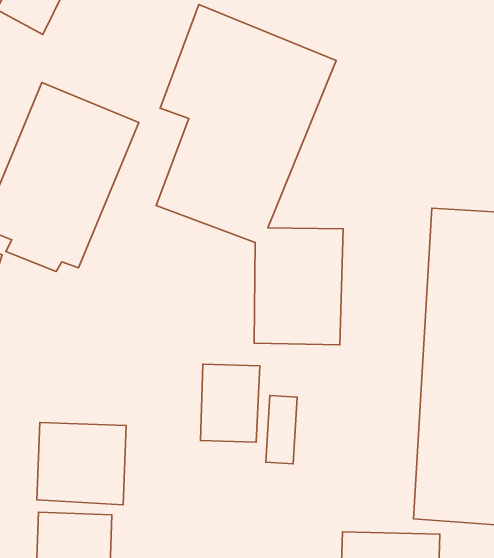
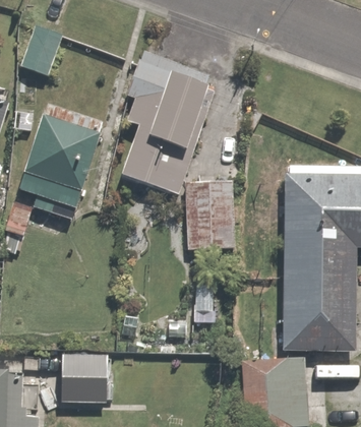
building: [201,364,260,442] -> none
building: [37,423,126,505] -> none

